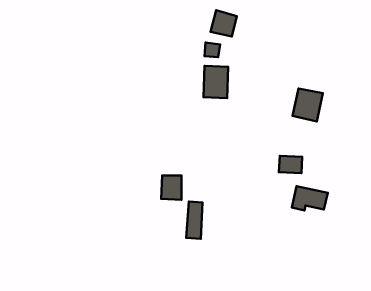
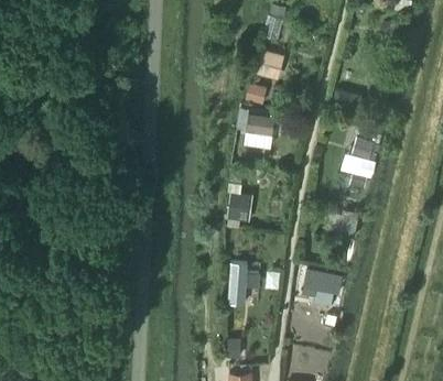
building: [161,175,182,200] -> [229,193,252,220]
building: [292,186,328,211] -> [301,270,342,297]

